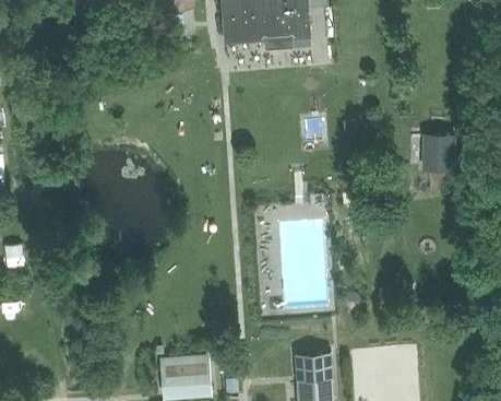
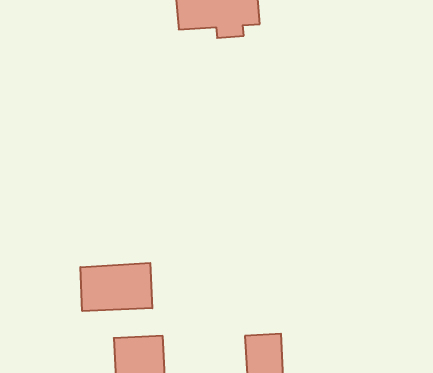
building: [416,138,449,174] -> none
building: none -> [80,263,152,311]

